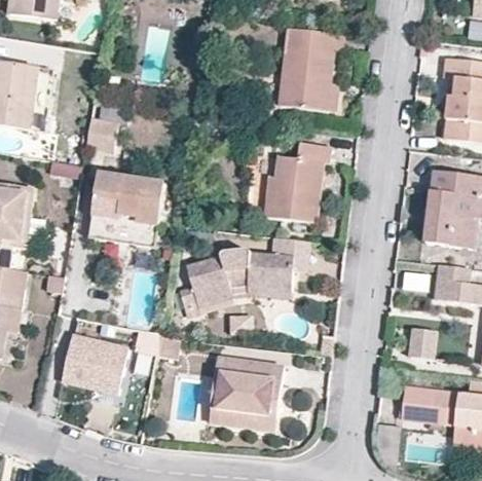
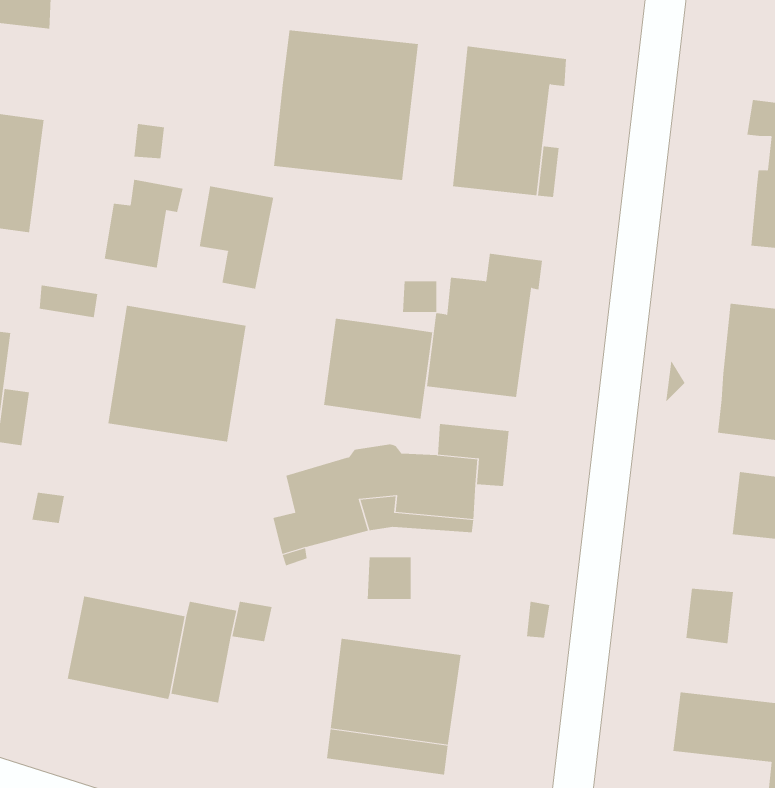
building: none -> [273,29,418,181]
building: none -> [199,185,274,290]
building: none -> [323,318,433,420]

